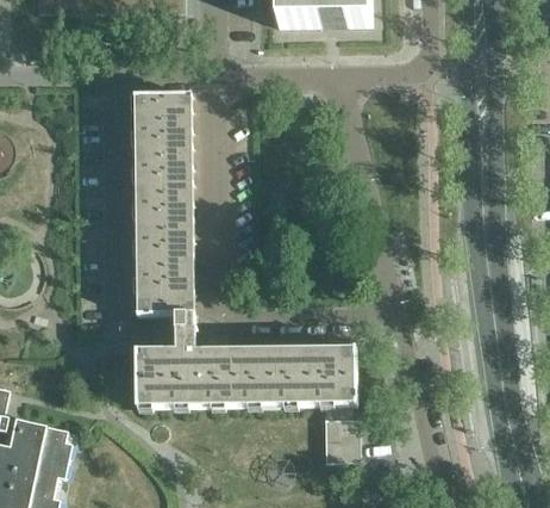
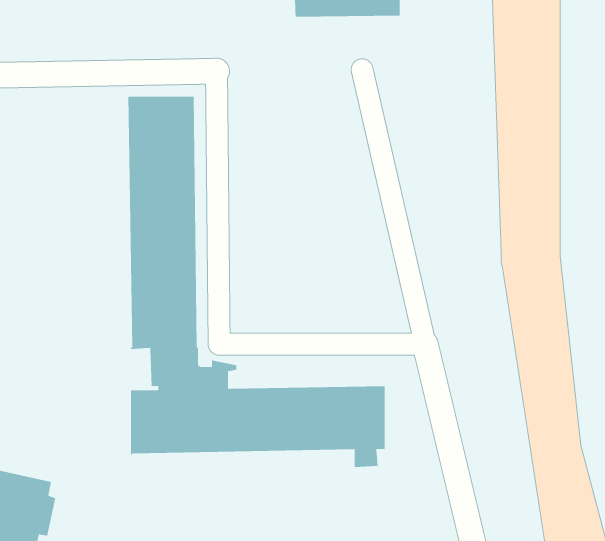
building: [324,415,356,459] -> none

